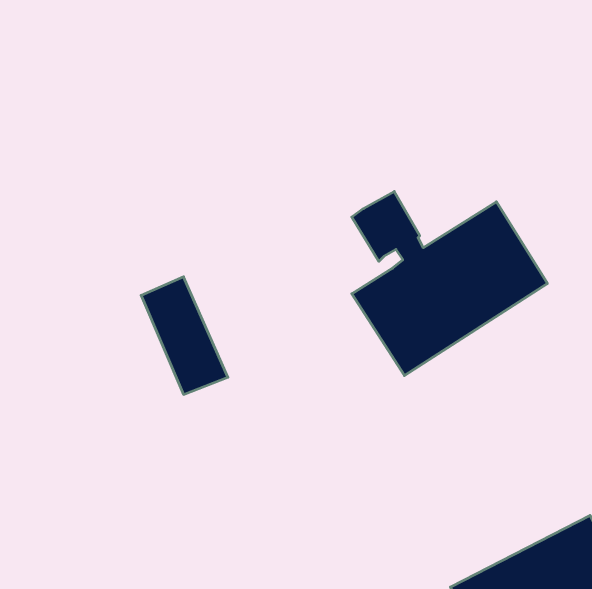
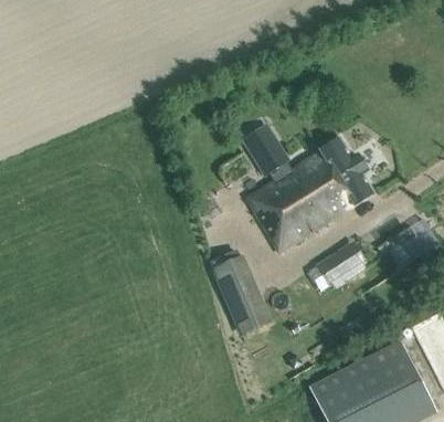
building: [141,277,228,394] -> [213,256,269,333]
building: none -> [323,246,361,282]

